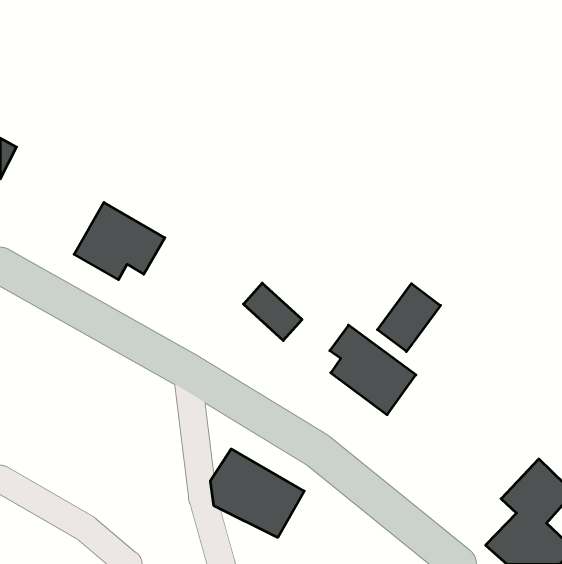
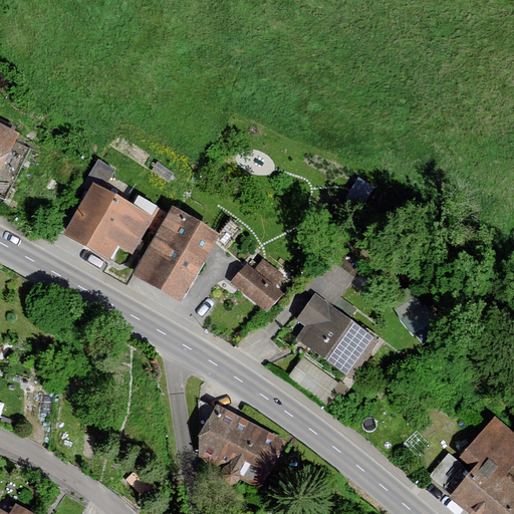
building: none -> [142,210,220,296]
building: [377,284,441,352] -> none

